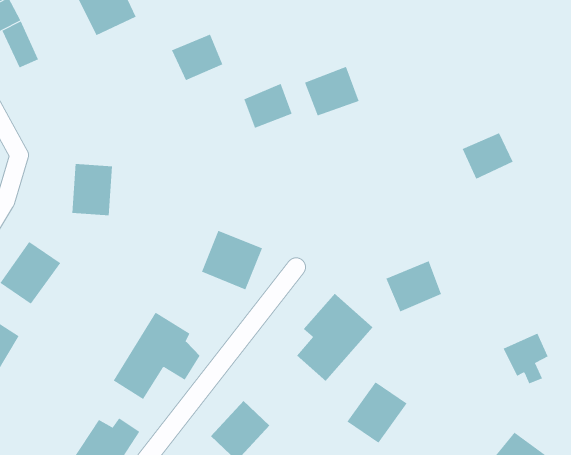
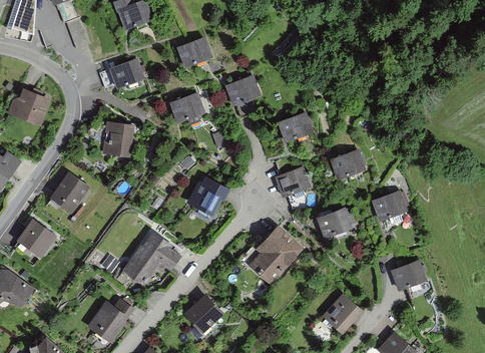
building: [304,66,359,116] -> [276,110,313,143]
building: none -> [108,58,144,92]
building: none -> [168,92,203,123]
building: [462,133,514,179] -> [330,149,365,181]
building: none -> [272,166,308,198]
building: none -> [371,189,408,222]
building: [347,381,407,443] -> [322,292,365,335]

